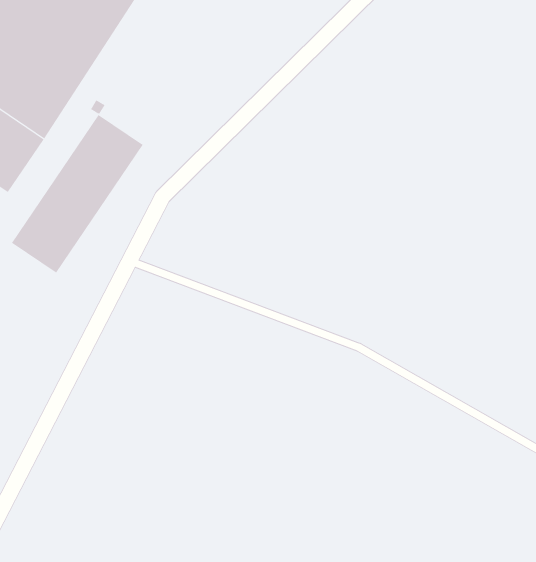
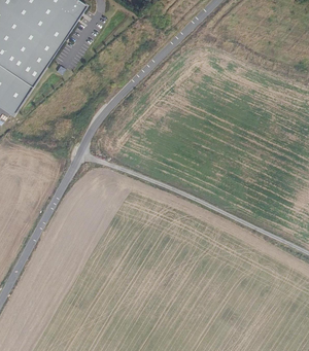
building: [11,114,144,273] -> none

